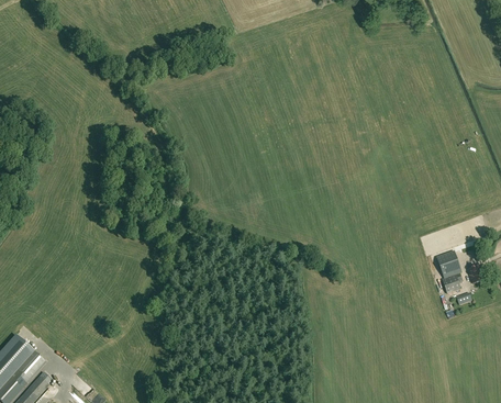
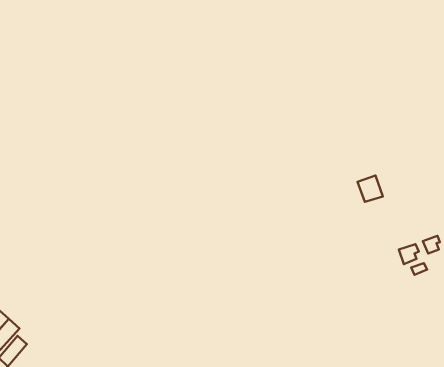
building: [435,250,461,278] -> [358,175,383,202]

